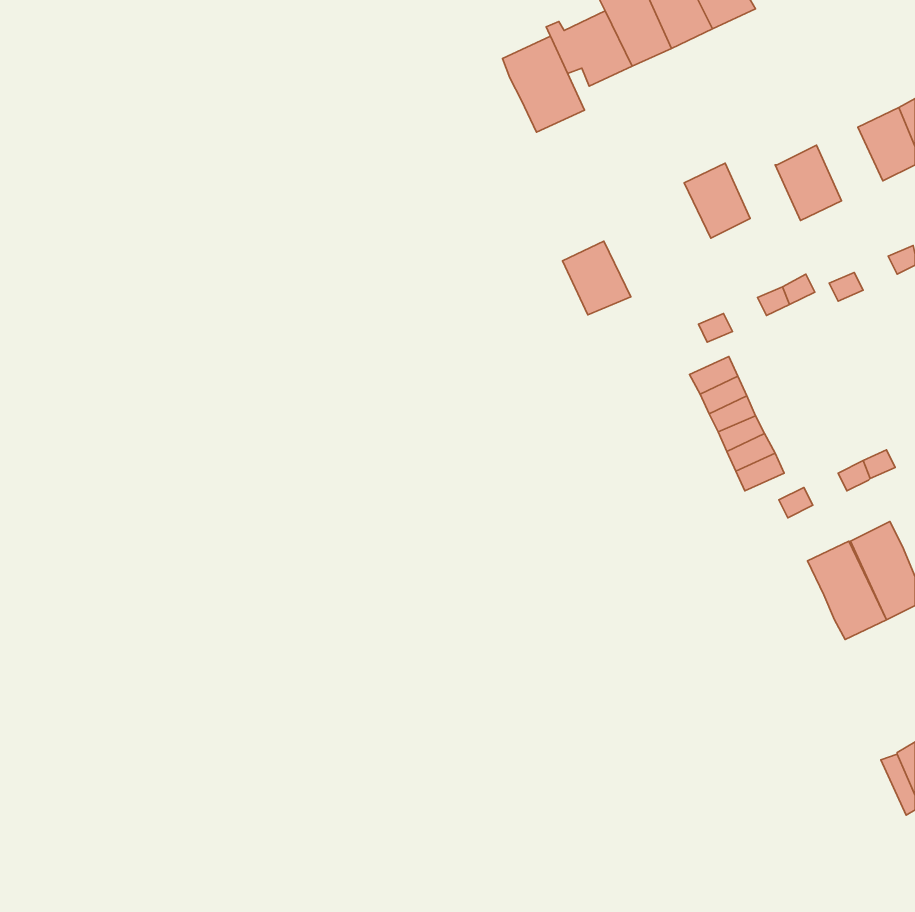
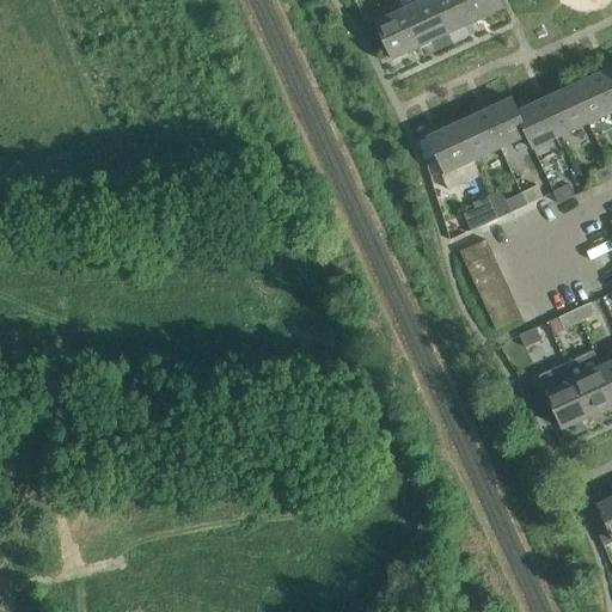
building: [502,36,585,132] -> none
building: none -> [545,85,589,134]
building: none -> [484,97,528,146]
building: [563,241,631,315] -> [429,122,475,171]

